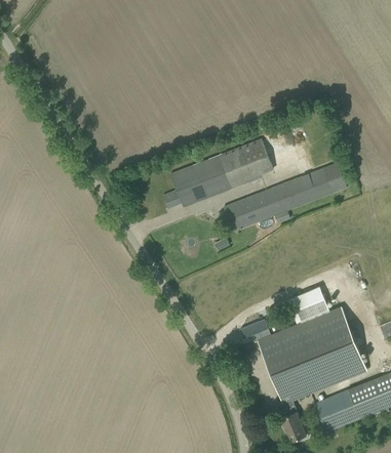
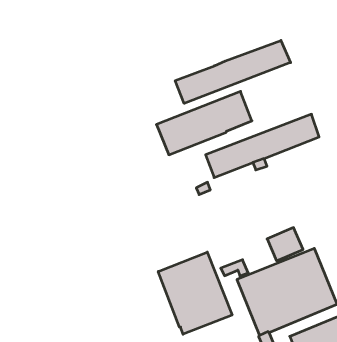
building: none -> [175,40,291,103]
building: none -> [158,252,232,334]

